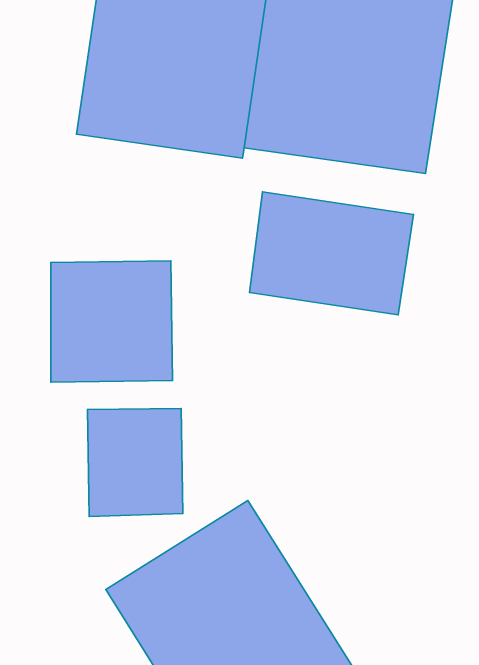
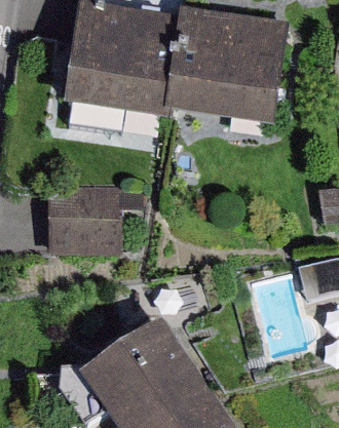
building: [249,192,413,315] -> none
building: [88,408,183,516] -> none

